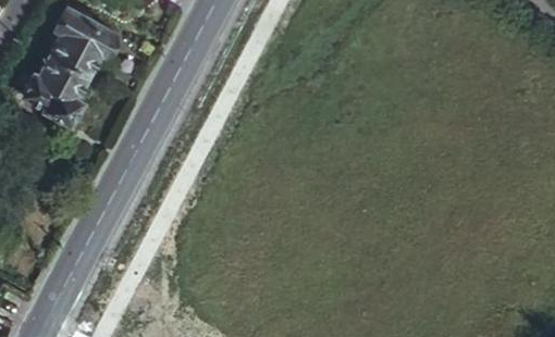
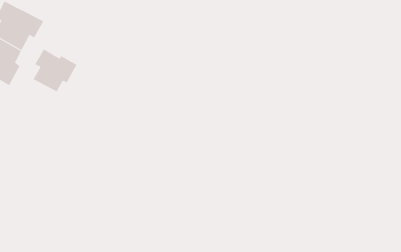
building: none -> [33,48,77,92]

